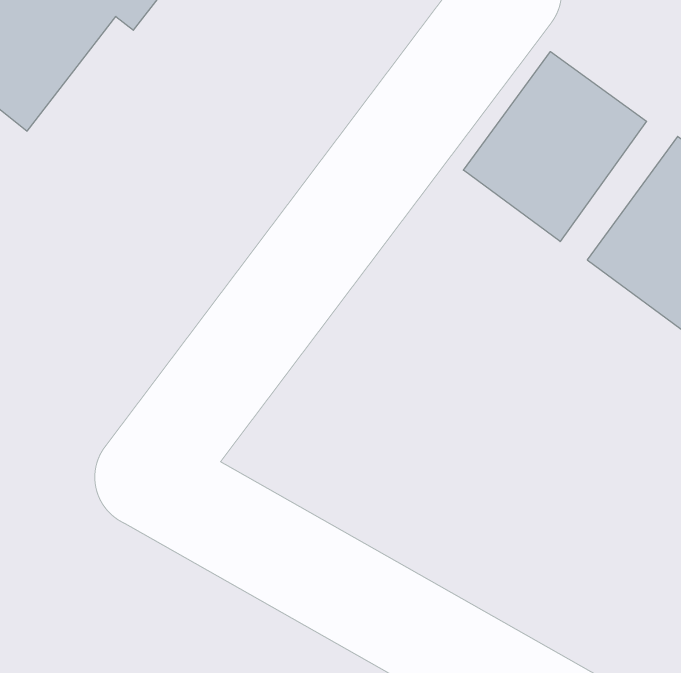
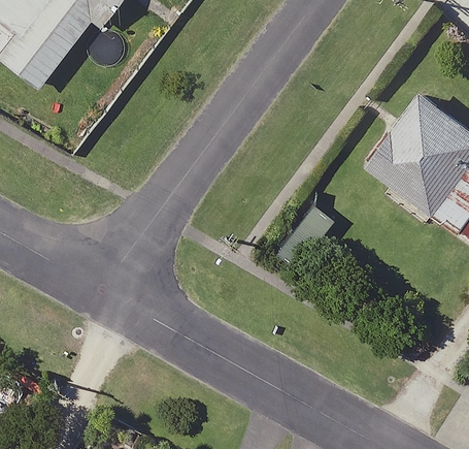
building: [463,52,647,242] -> none

